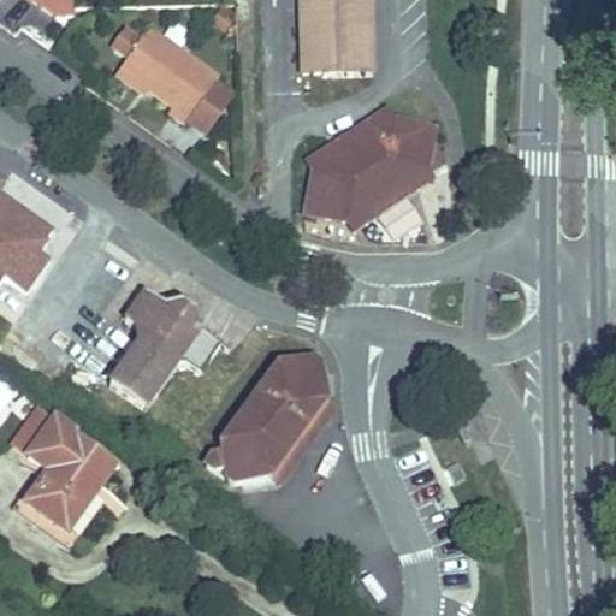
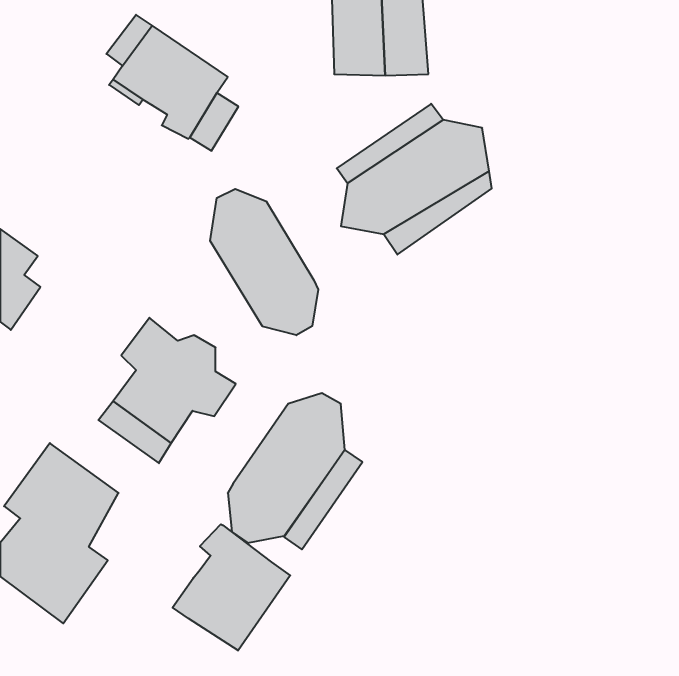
building: none -> [210,189,318,335]
building: none -> [173,524,290,651]

